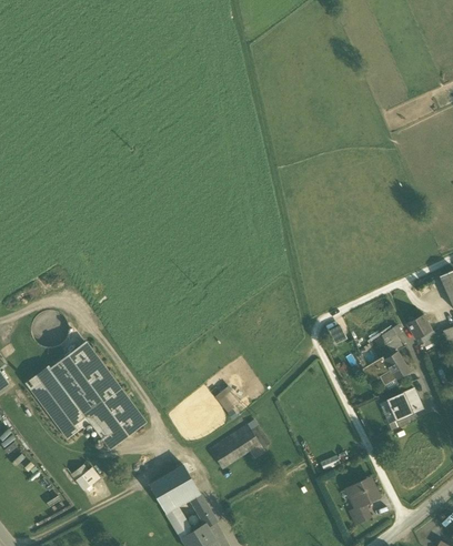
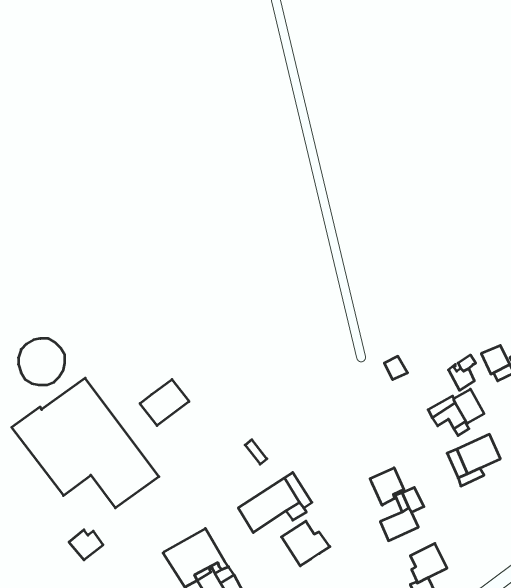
building: none -> [140,379,189,426]
building: none -> [370,468,404,505]
building: none -> [281,521,330,566]

